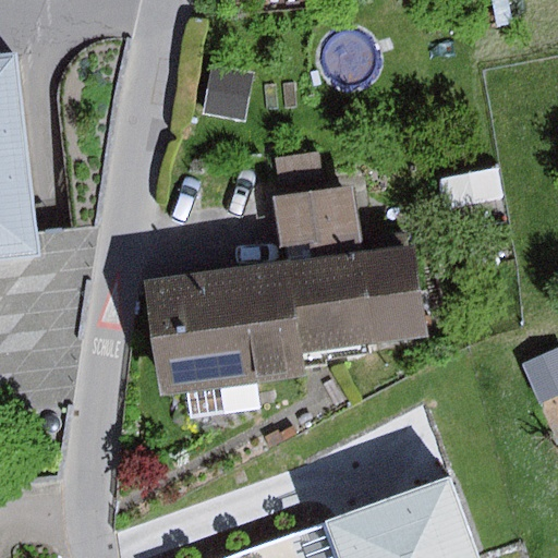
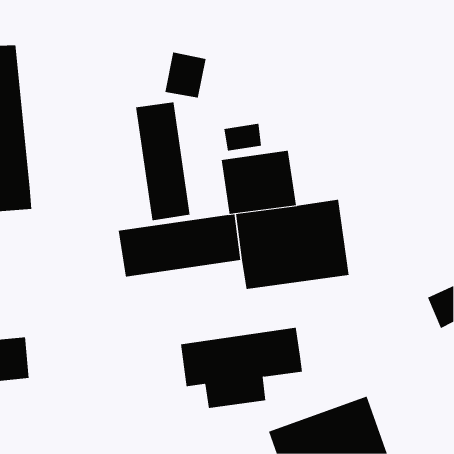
building: none -> [136,102,190,221]
building: [153,317,302,416] -> [180,327,303,408]

